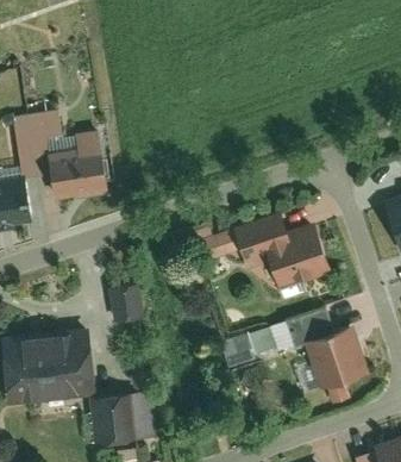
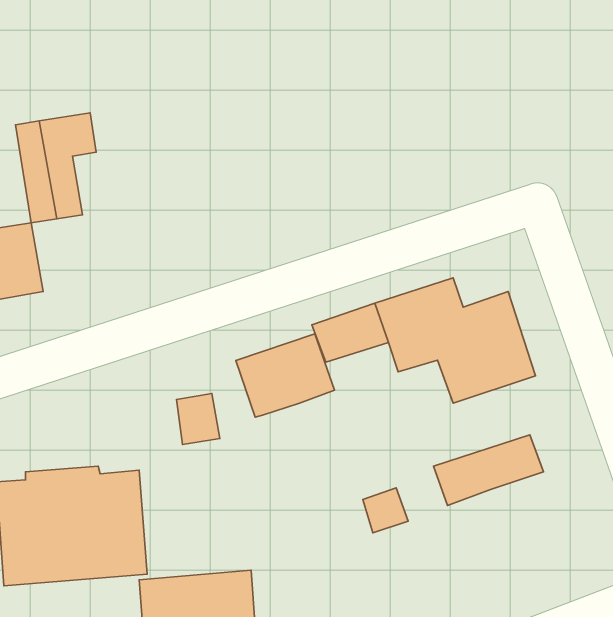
building: [49,131,107,198] -> none
building: none -> [236,334,334,417]
building: [302,325,368,391] -> none

